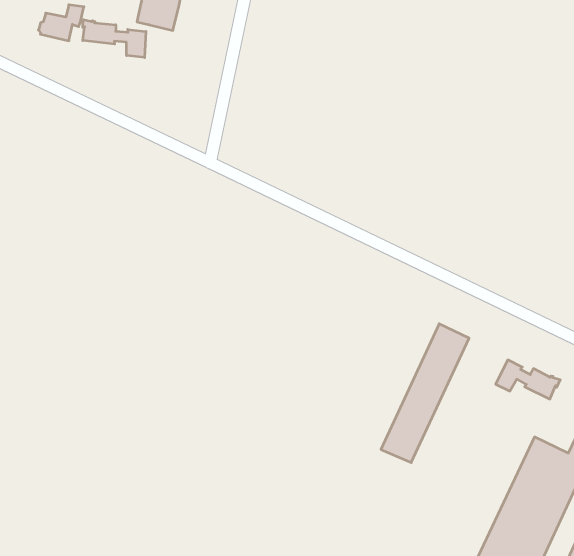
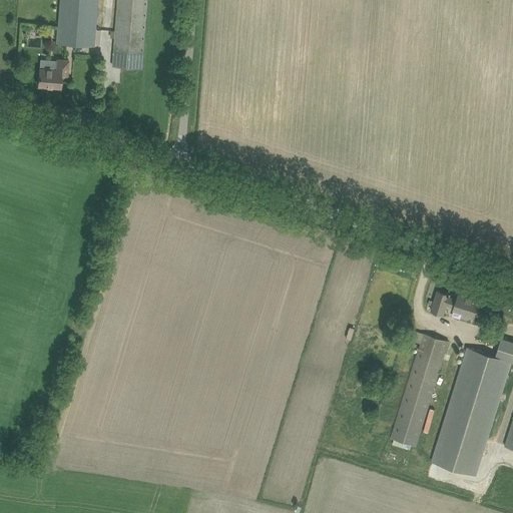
building: [83,20,146,58] -> none
building: [381,324,469,463] -> [391,334,448,445]

